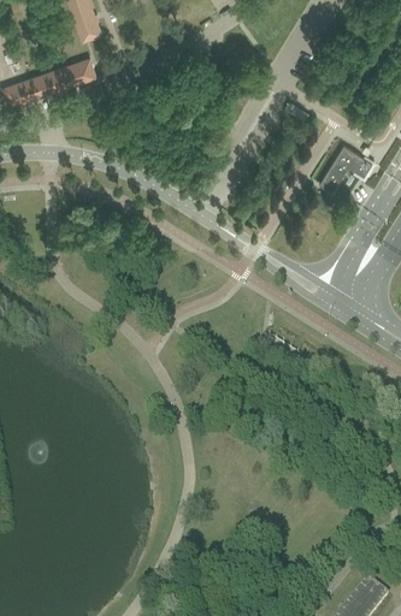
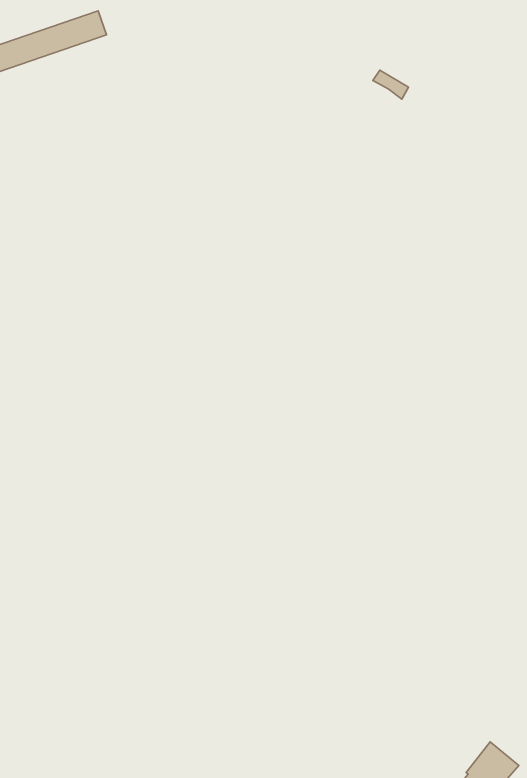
building: [318,144,371,191] -> none

